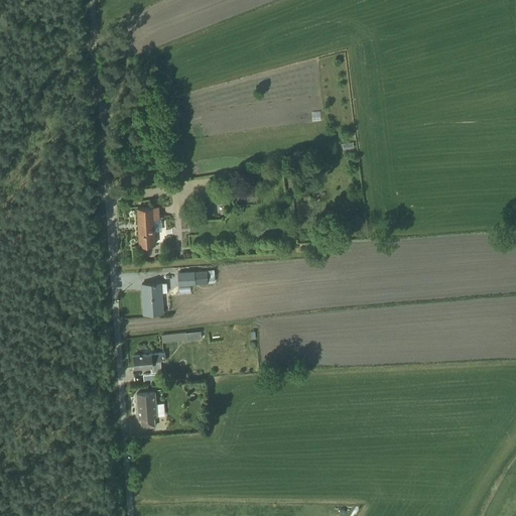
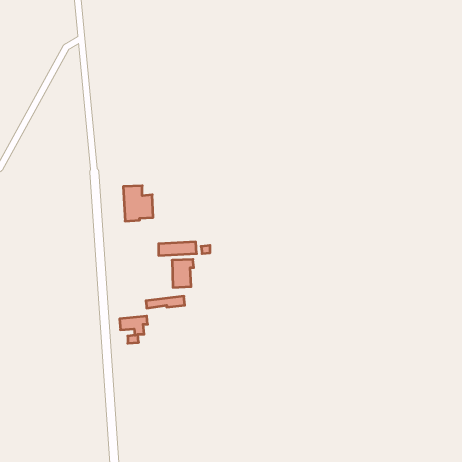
building: [141,284,165,315] -> [172,259,194,287]
building: [136,393,156,428] -> none

